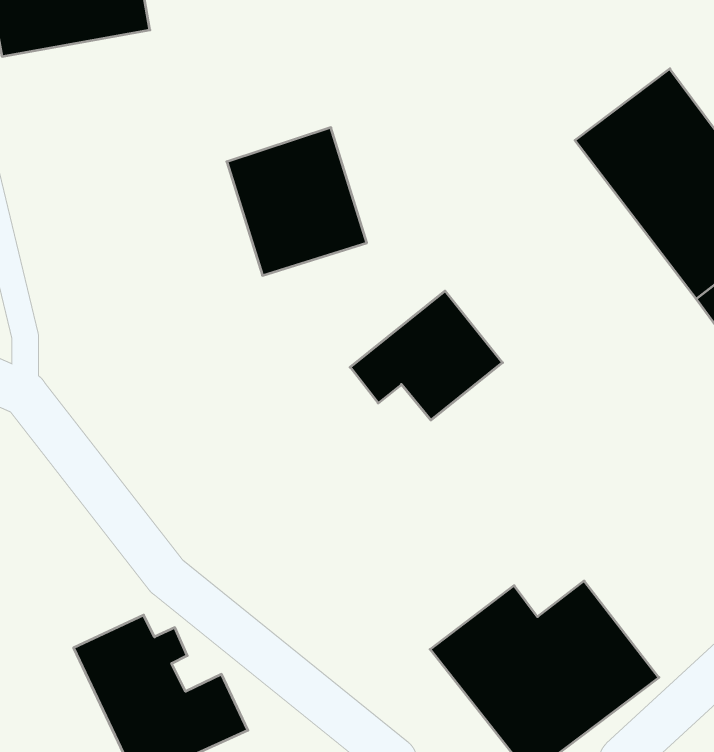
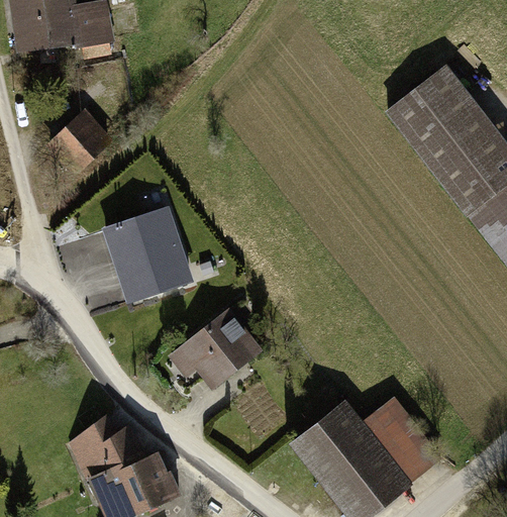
building: [227,128,367,275] -> [103,207,194,303]
building: none -> [44,107,116,178]
building: [350,291,503,420] -> [168,305,267,389]

